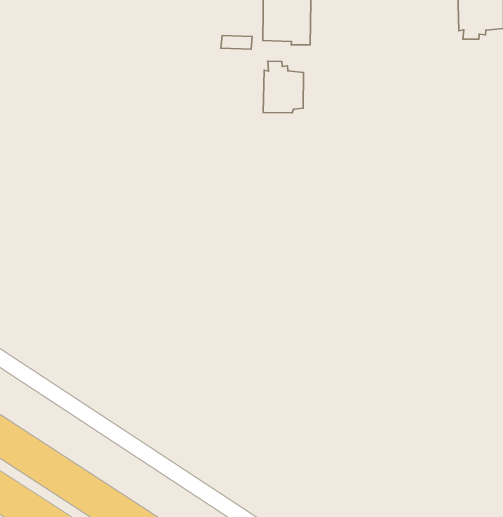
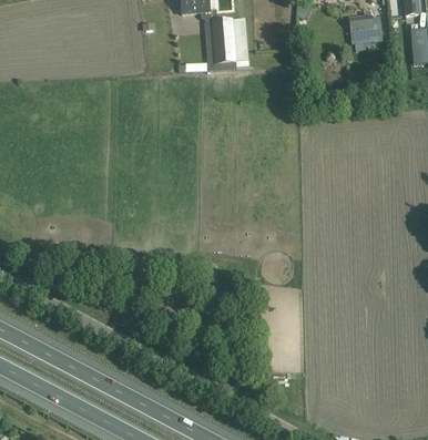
building: [263,61,303,113] -> none

